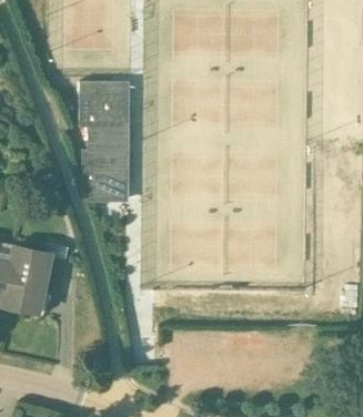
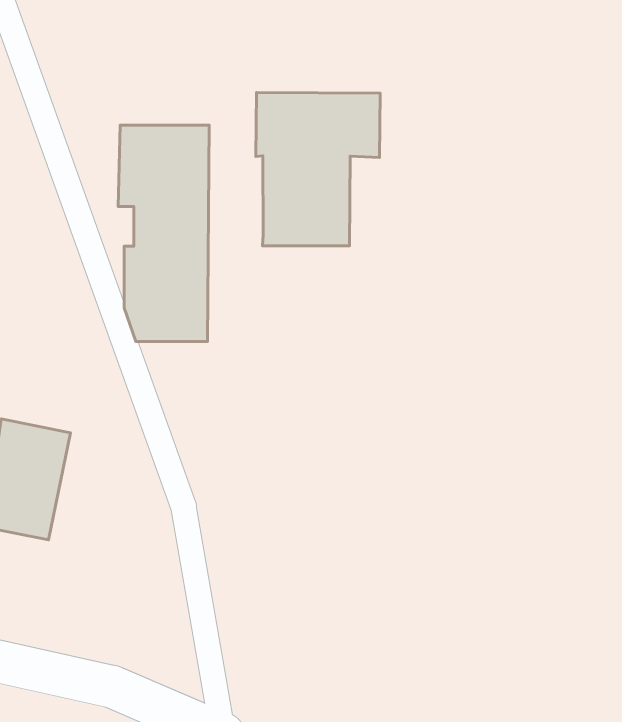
building: none -> [256,93,380,246]

